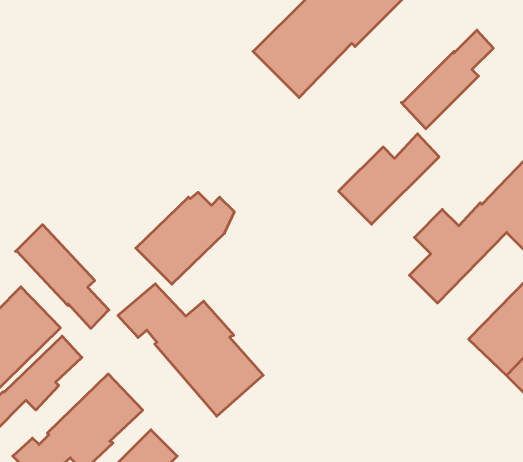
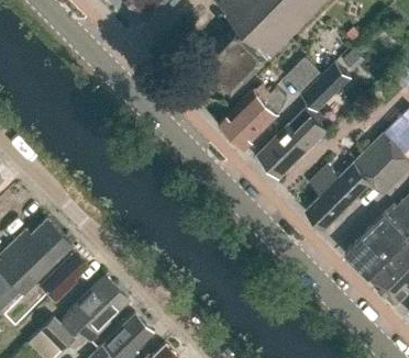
building: none -> [285,59,320,96]
building: [136,192,234,284] -> [219,86,285,147]
building: [15,225,109,328] -> none
building: [118,284,263,416] -> none

